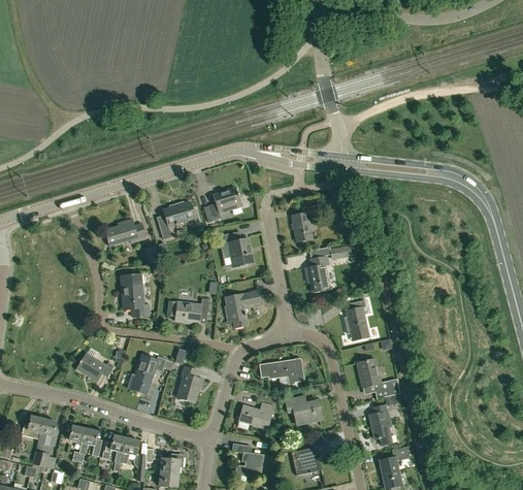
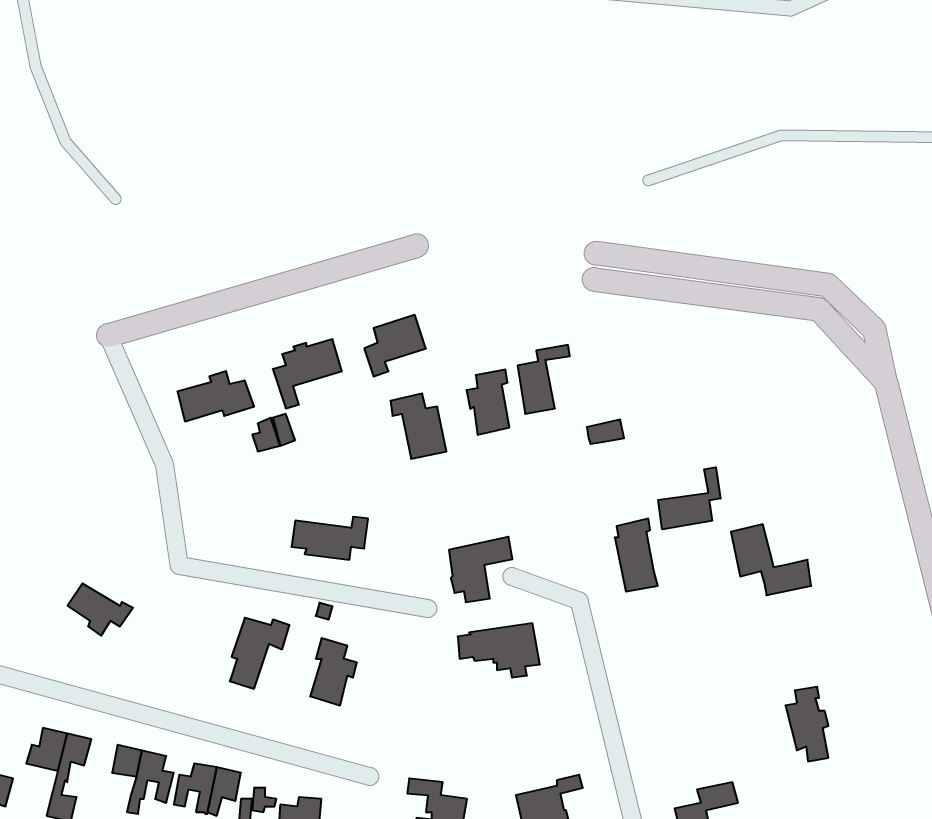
building: [305,257,329,293] -> [466,370,509,435]
building: none -> [658,467,721,529]
building: [121,275,149,317] -> none
building: [225,291,260,327] -> [449,537,512,602]
building: [77,354,113,383] -> [68,583,133,636]
building: [357,359,401,398] -> [731,524,811,595]
building: [285,397,322,425] -> none
building: [238,402,273,429] -> none
building: [368,404,392,446] -> [785,687,828,761]

